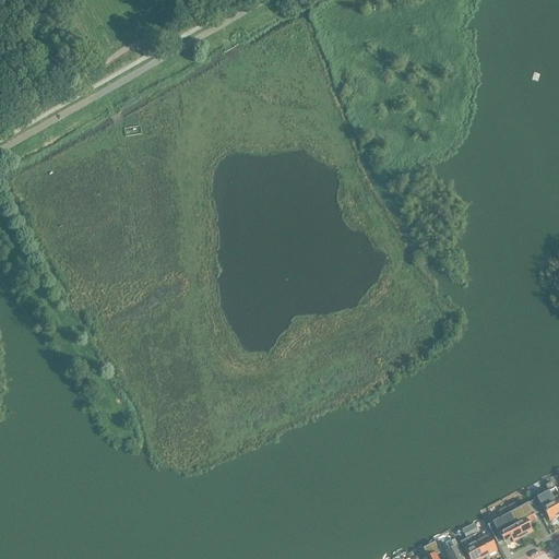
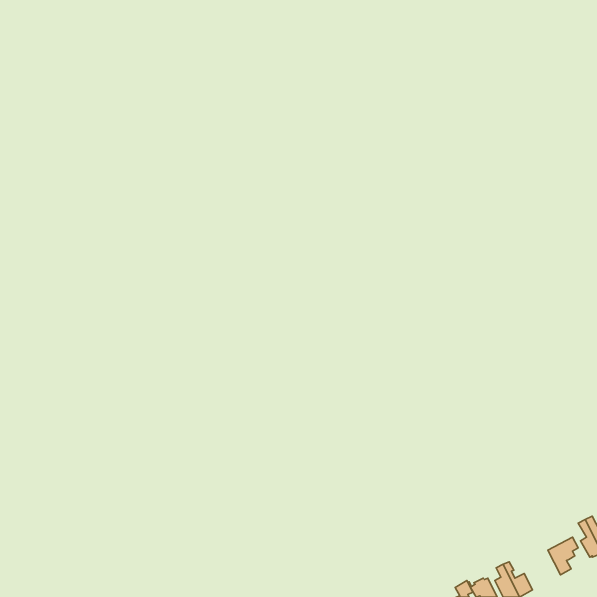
building: [489,512,524,543] -> none

